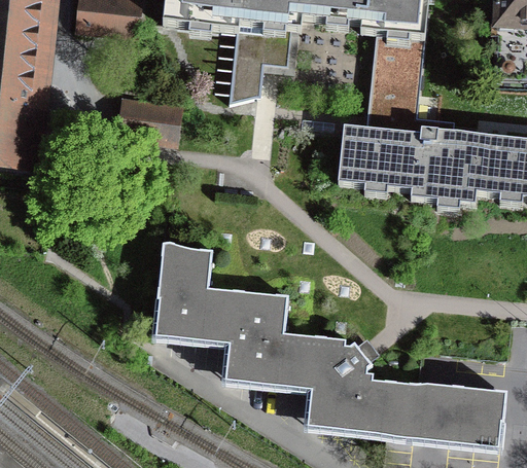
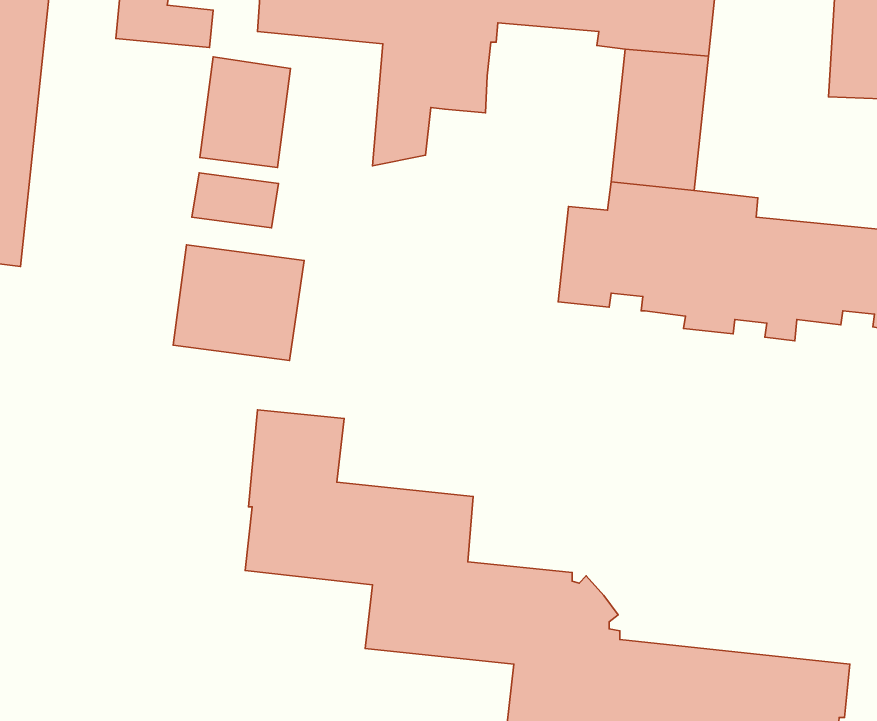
building: none -> [200,57,291,168]
building: none -> [173,245,304,360]

